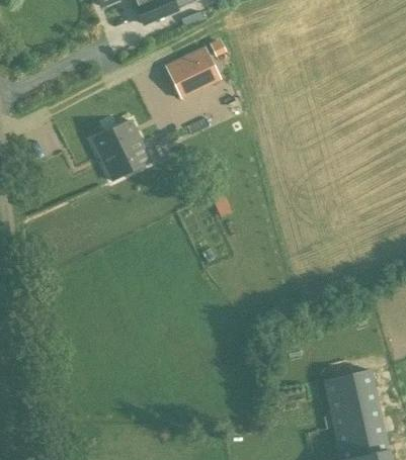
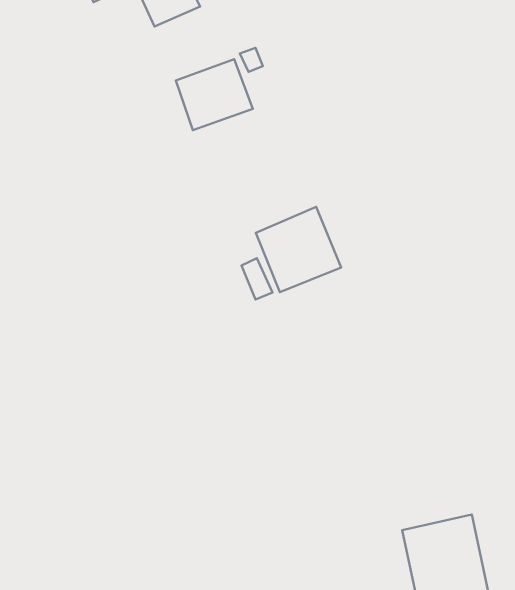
building: [93,120,152,181] -> none
building: none -> [256,207,341,292]

